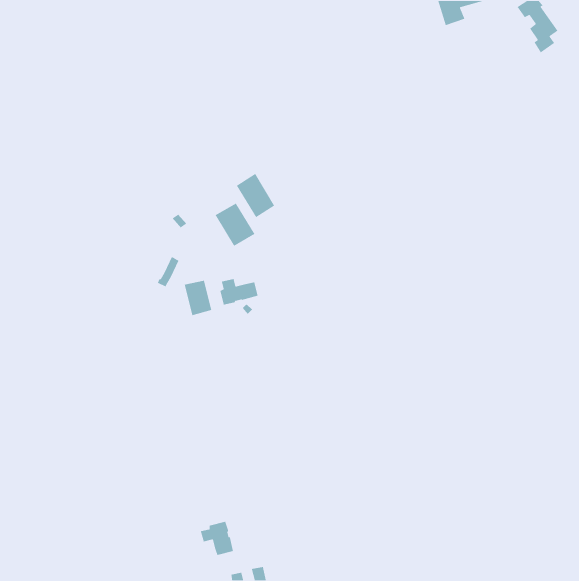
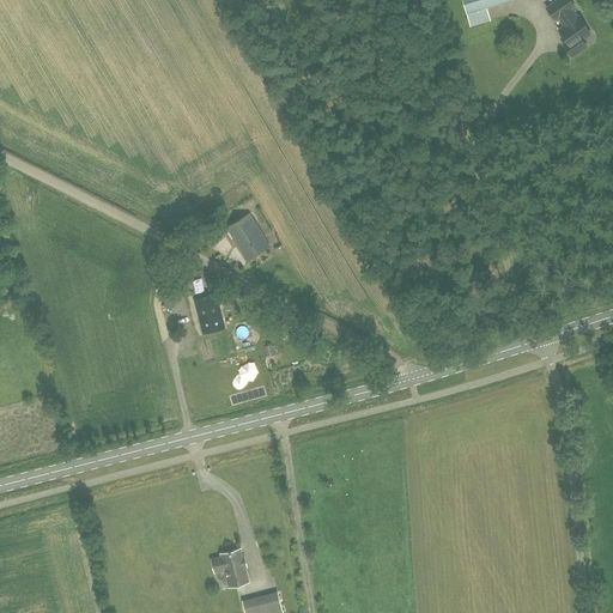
building: [236,173,275,218] -> none
building: [219,278,258,305] -> none

